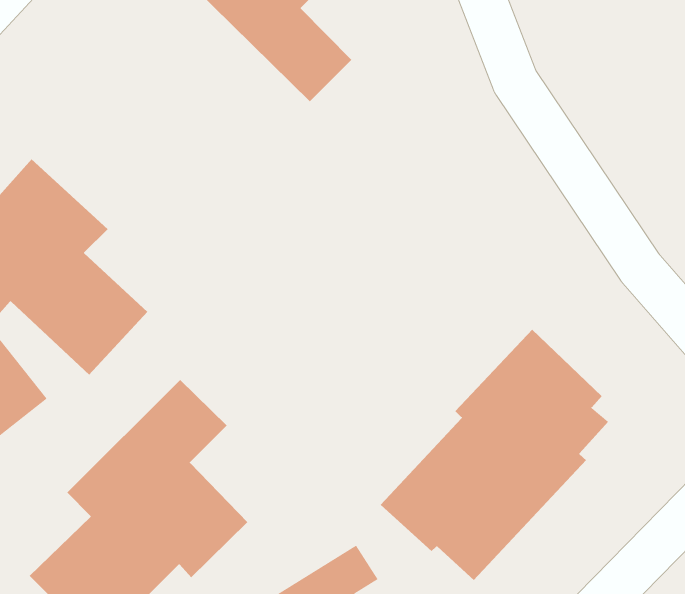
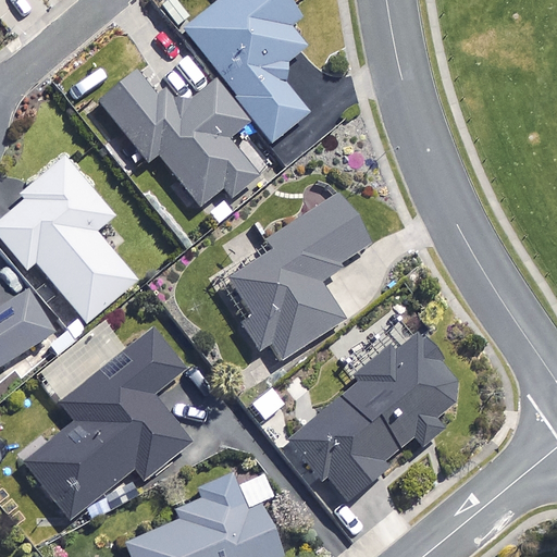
building: none -> [99,72,258,206]
building: none -> [227,196,369,359]

